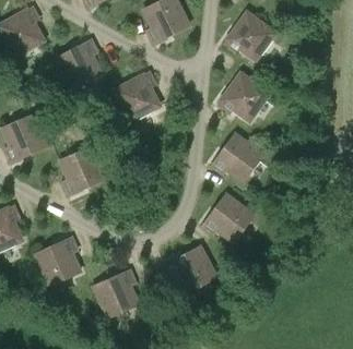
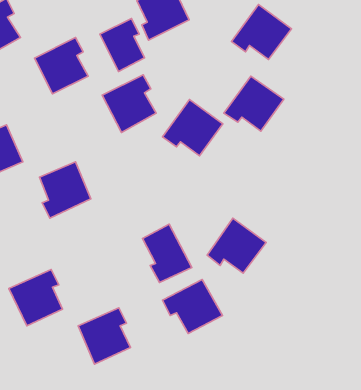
building: none -> [100,18,145,71]
building: [211,133,262,181] -> [163,100,223,156]
building: none -> [143,224,192,283]

